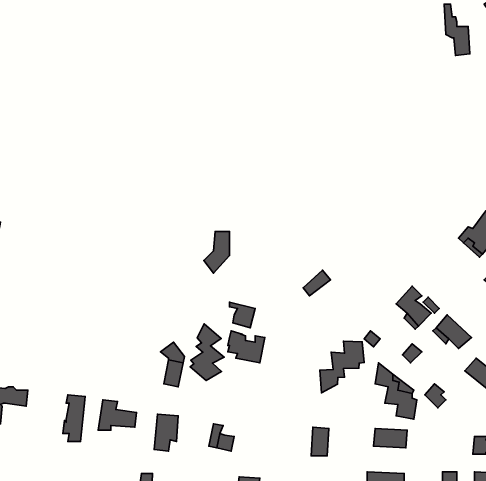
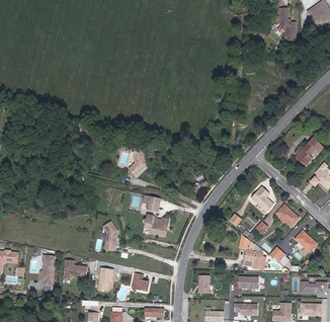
building: [190,324,224,381] -> none
building: [320,341,364,393] -> none

